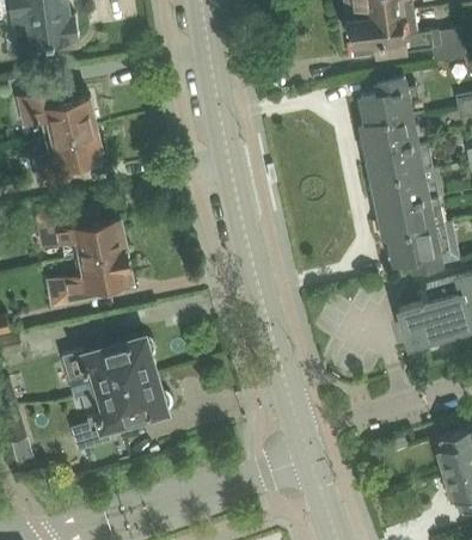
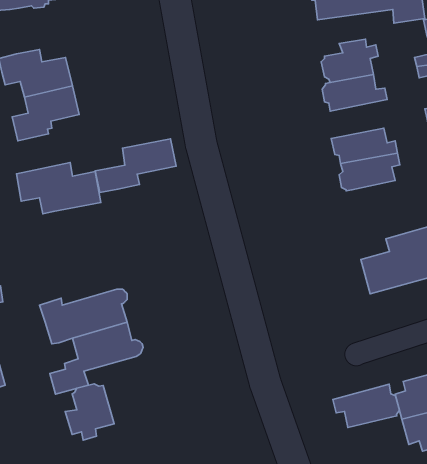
building: [364,142,429,183] -> none
building: [386,225,449,270] -> none
building: [48,250,133,306] -> [95,139,176,193]
building: none -> [65,384,114,440]
building: none -> [333,384,399,427]

